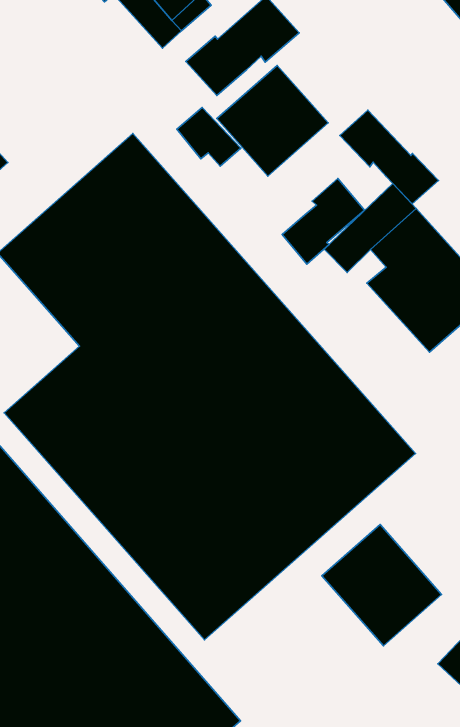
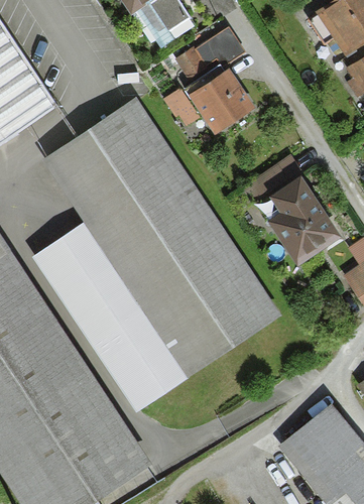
building: [340,110,438,204] -> none
building: [282,179,365,264] -> none
building: [322,524,441,646] -> none

